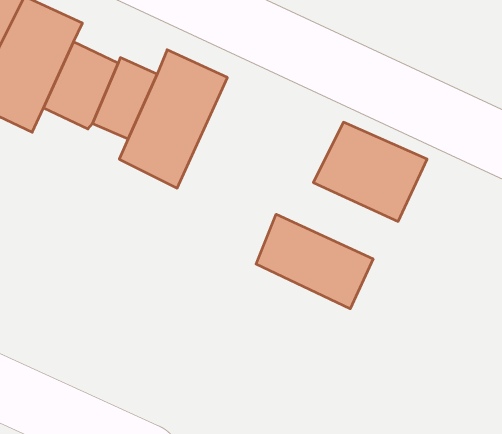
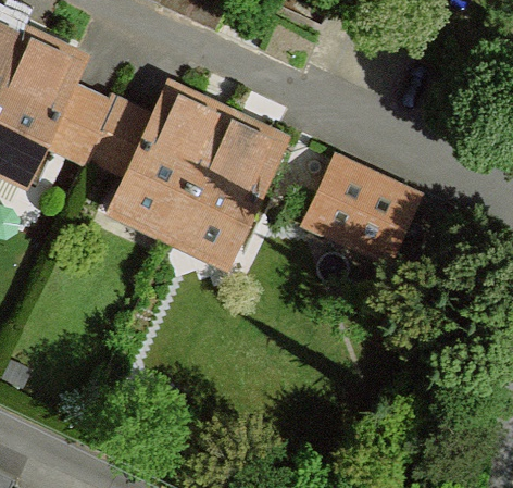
building: none -> [175,120,283,254]
building: [256,214,373,309] -> none

